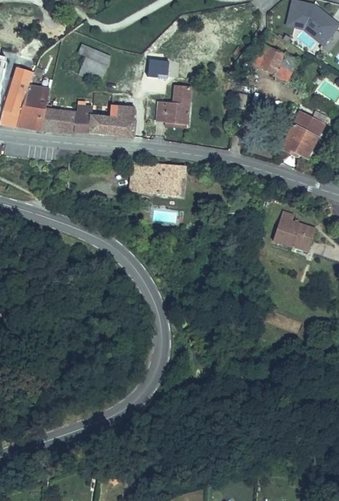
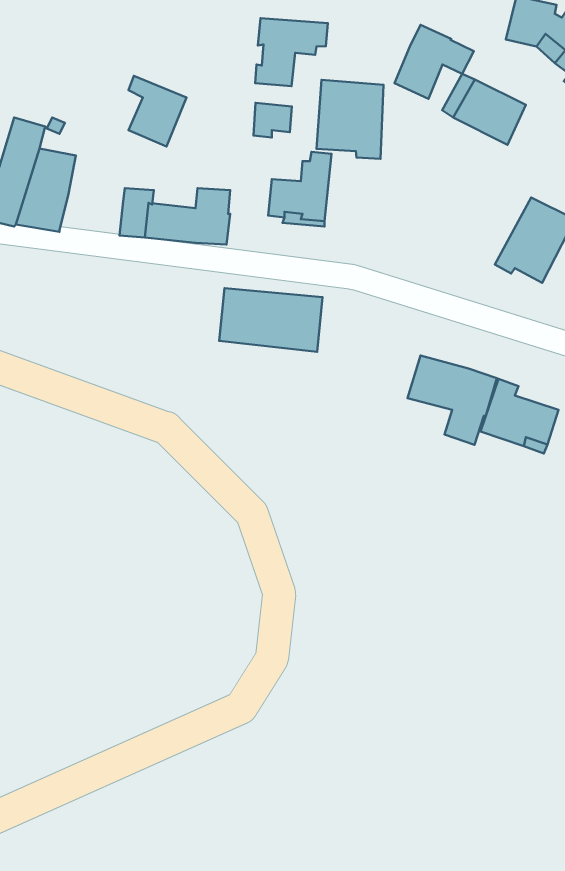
building: none -> [255,18,328,86]
building: none -> [394,25,474,99]
building: none -> [316,80,384,159]
building: [40,108,75,131] -> none
building: none -> [408,355,497,445]

